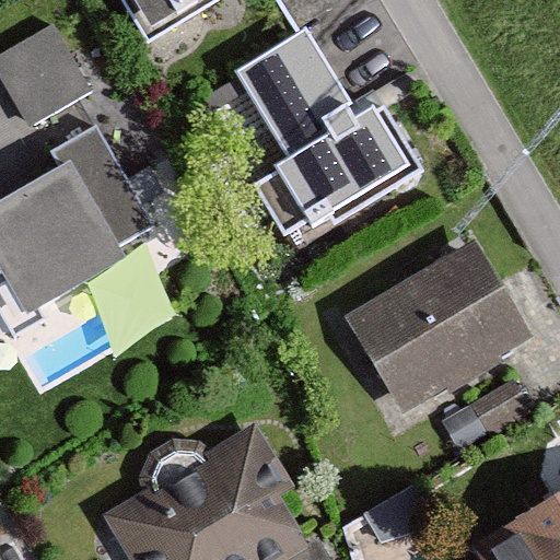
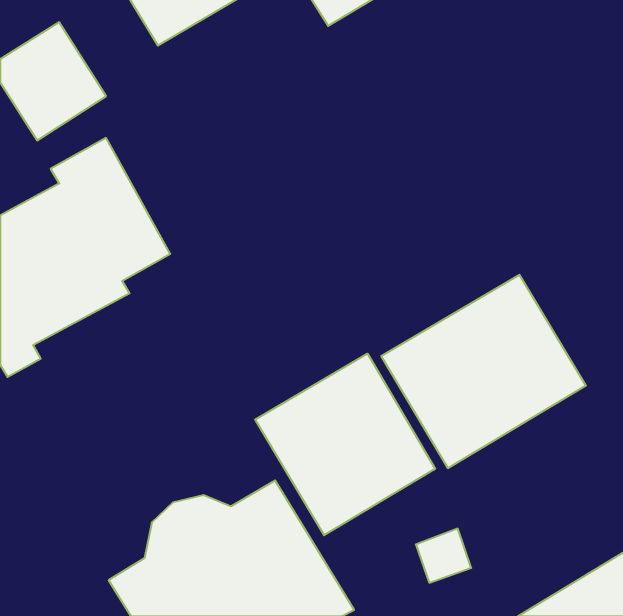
building: [233,35,415,240] -> none
building: none -> [255,354,435,535]

